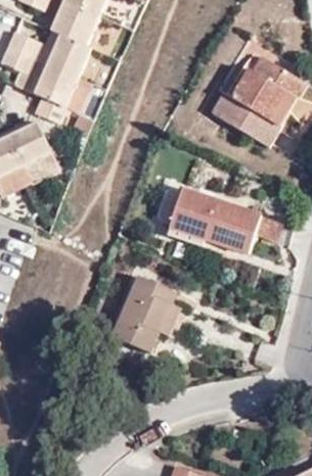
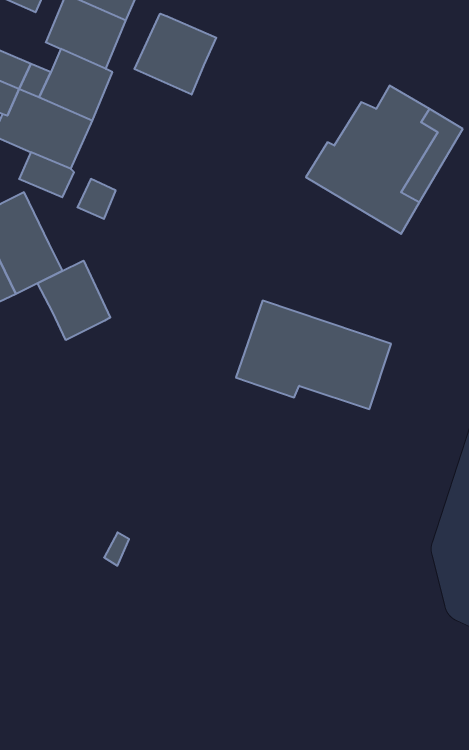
building: none -> [134,14,216,95]
building: none -> [38,261,110,340]
building: [109,274,179,352] -> none

